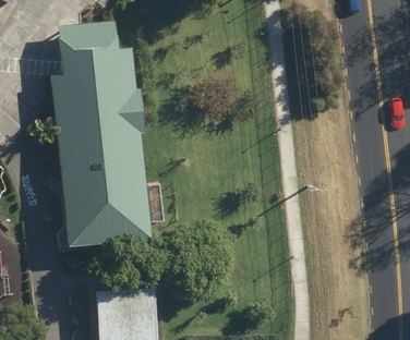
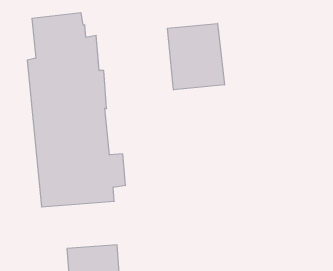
building: none -> [168,23,224,90]

